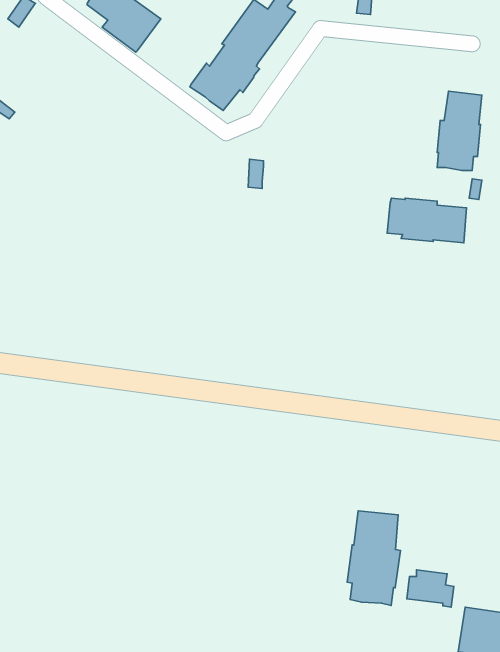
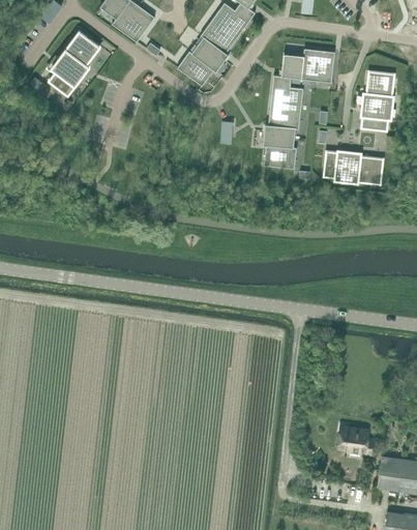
building: none -> [50,31,99,94]
building: none -> [263,49,335,169]
building: [347,511,400,605] -> none

